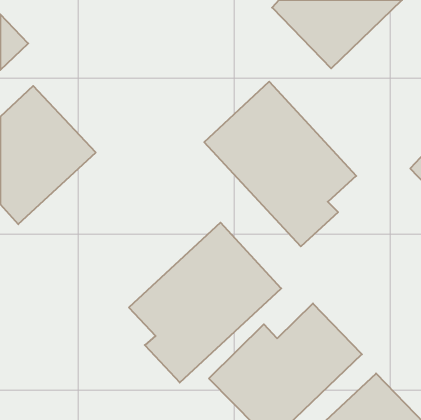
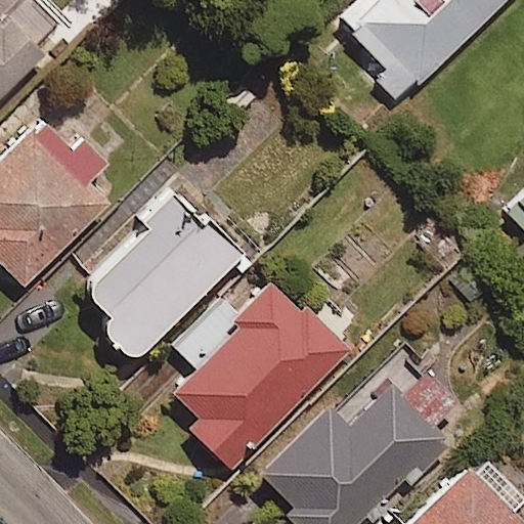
building: [204,82,356,246] -> none
building: none -> [70,187,238,355]

